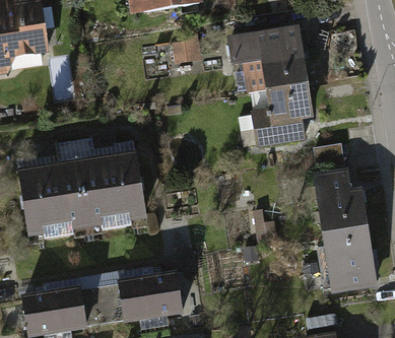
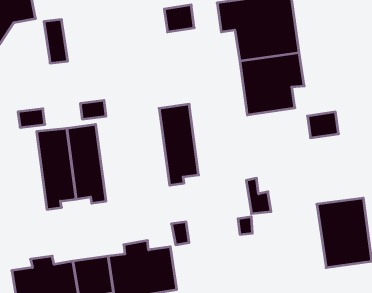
building: [106,149,144,228] -> [159,104,199,185]
building: [18,160,58,239] -> none
building: [314,168,368,231] -> none

